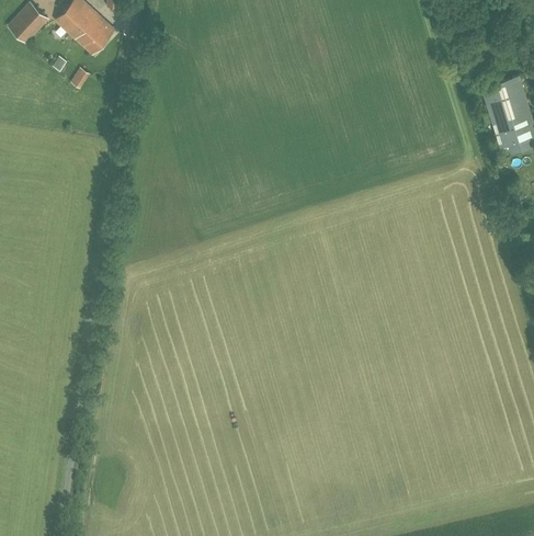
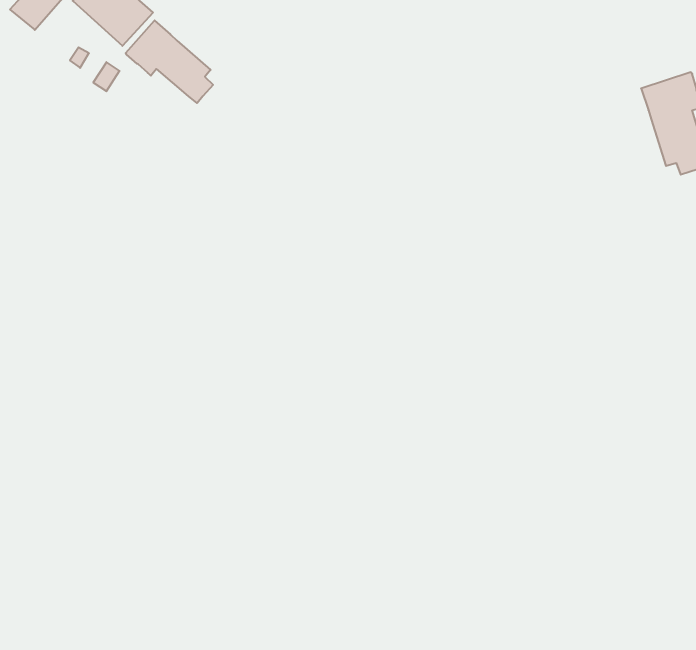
building: none -> [126,20,213,103]

